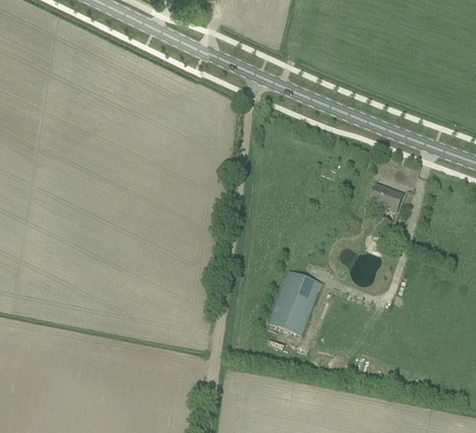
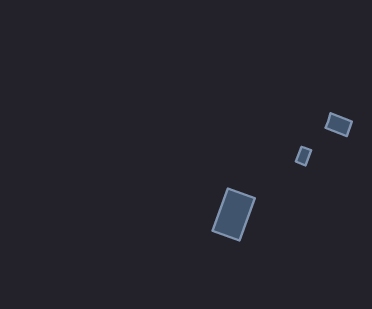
building: [369,183,402,211] -> [326,113,352,136]

